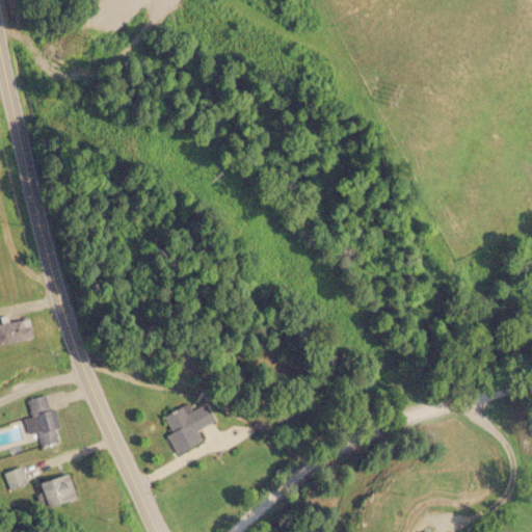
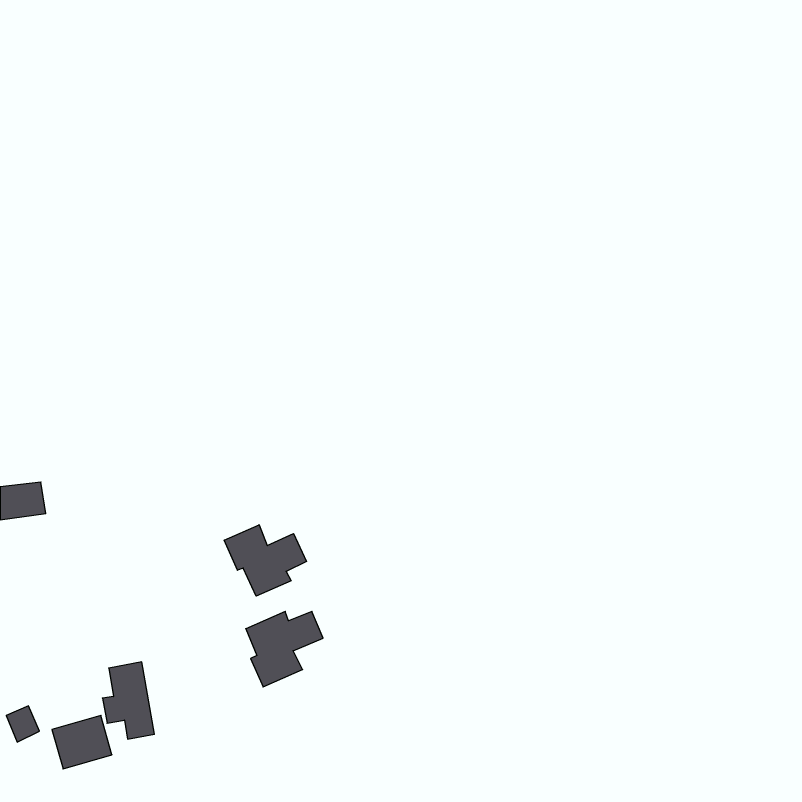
building: none -> [224,525,306,596]
building: [24,395,58,446] -> [102,662,154,739]

